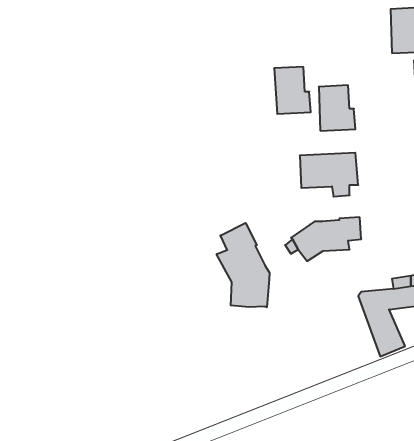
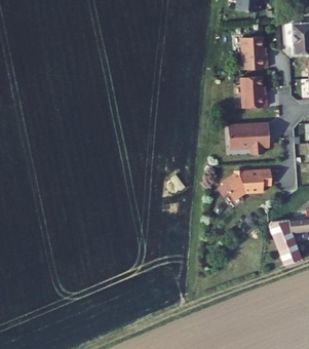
building: [274,67,311,114] -> [241,36,267,69]
building: [217,223,270,307] -> none

